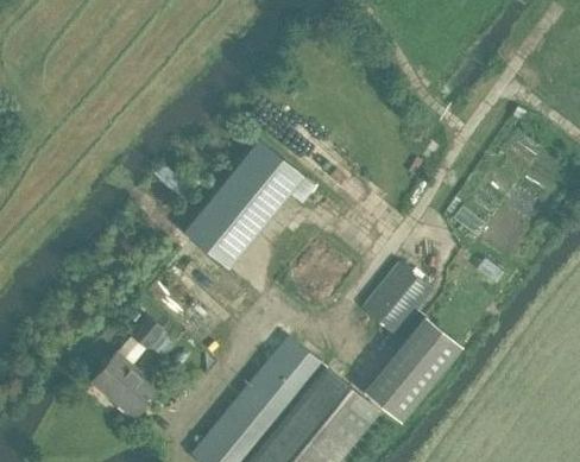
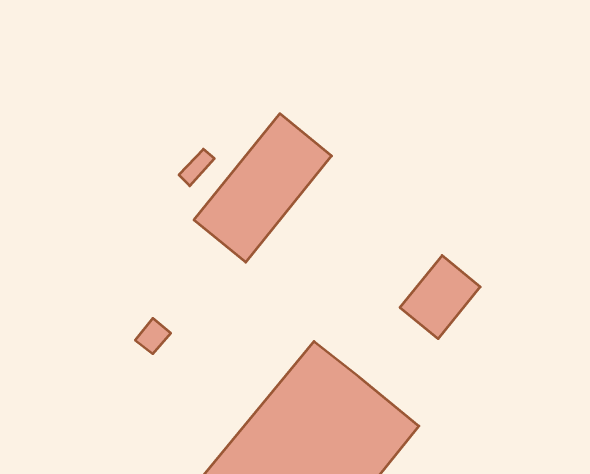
building: [364,316,464,423] -> none
building: [93,354,158,418] -> none

